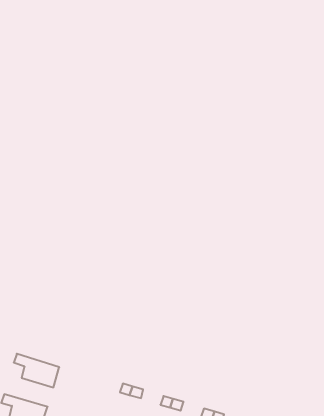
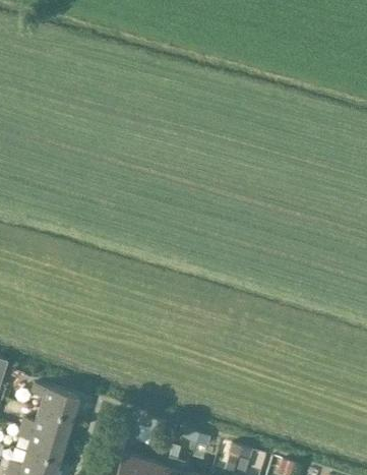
building: none -> [20,411,72,441]

